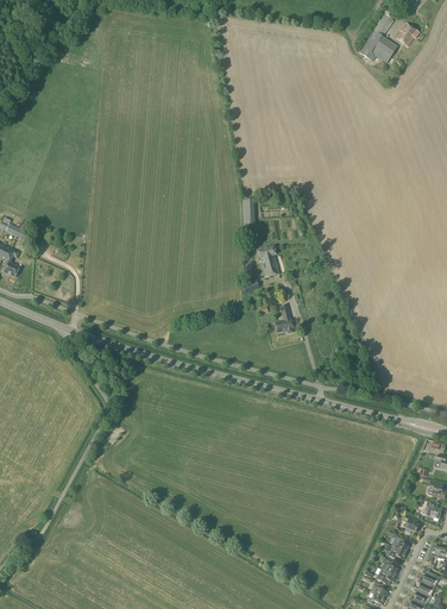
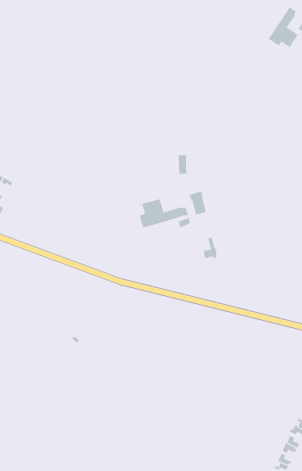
building: none -> [139,198,189,228]

